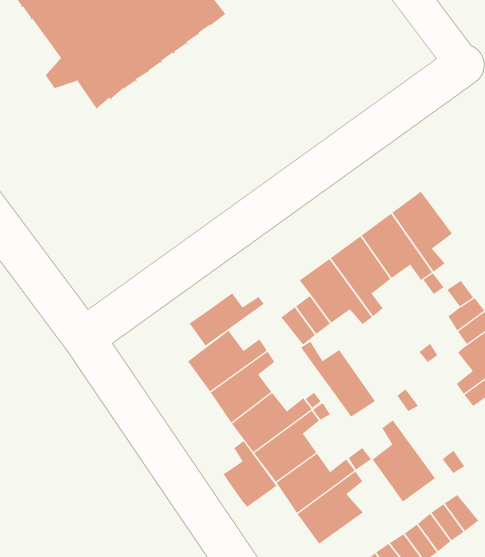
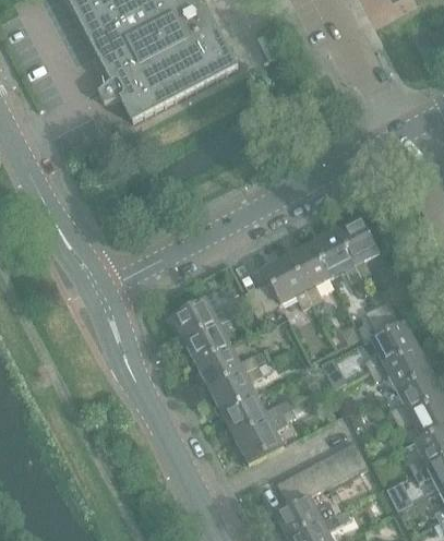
building: [189,292,265,347] -> none
building: [300,341,376,417] -> none
building: [372,419,436,503] -> none
building: [223,440,277,508] -> none

